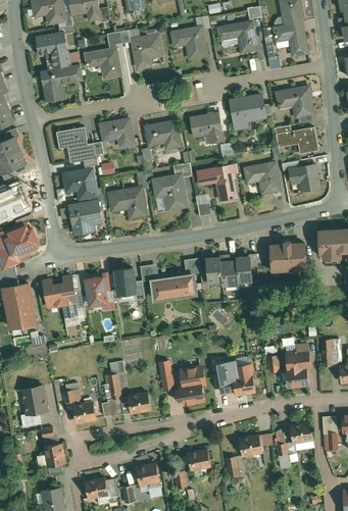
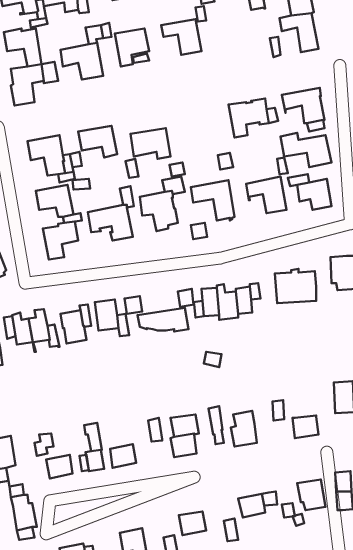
building: [217,22,258,53] -> none
building: [191,112,225,143] -> none
building: [286,345,310,370] -> none

